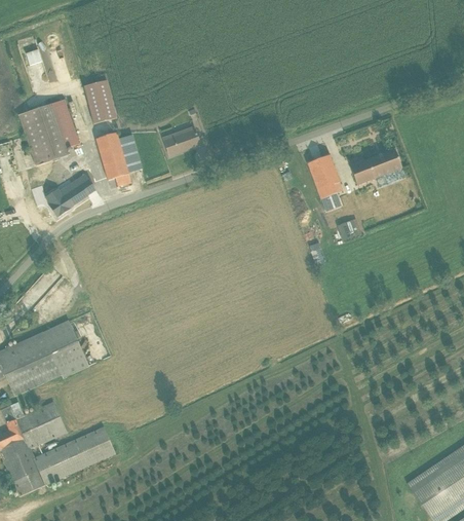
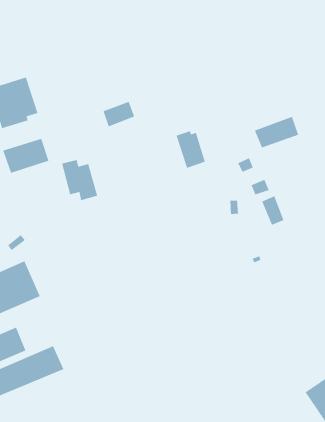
building: [85,86,113,125] -> none
building: [96,135,142,186] -> [61,159,98,201]
building: [303,151,340,198] -> [175,130,206,169]
building: none -> [261,195,284,226]

